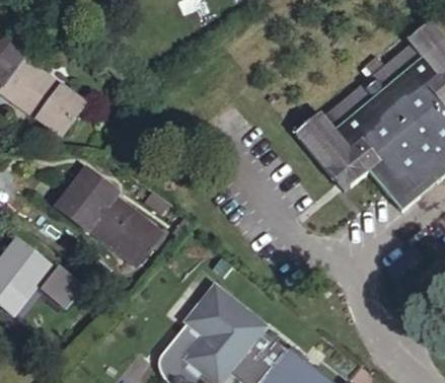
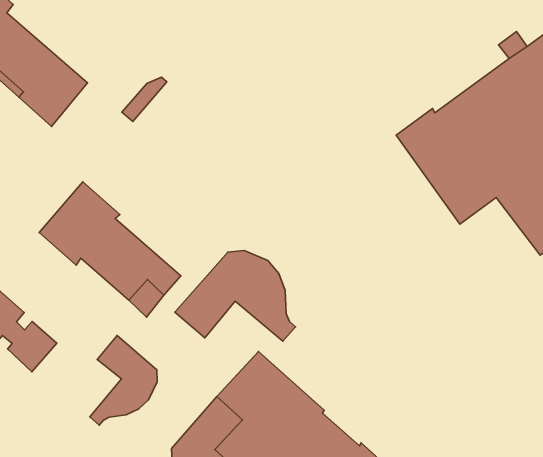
building: none -> [175,250,295,341]
building: none -> [90,335,157,425]

